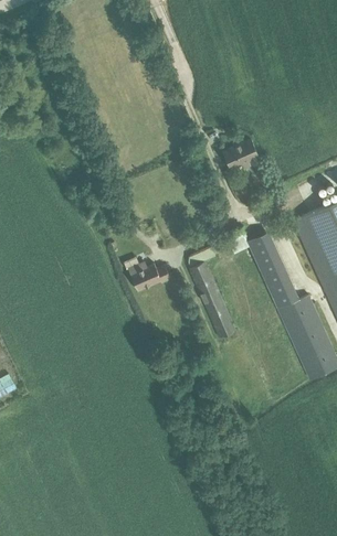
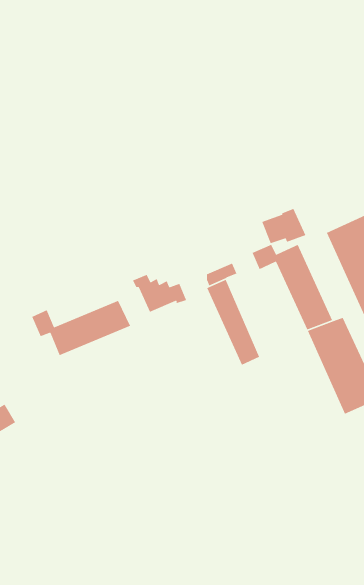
building: [222,139,262,171] -> [261,208,307,244]
building: none -> [31,300,131,356]

